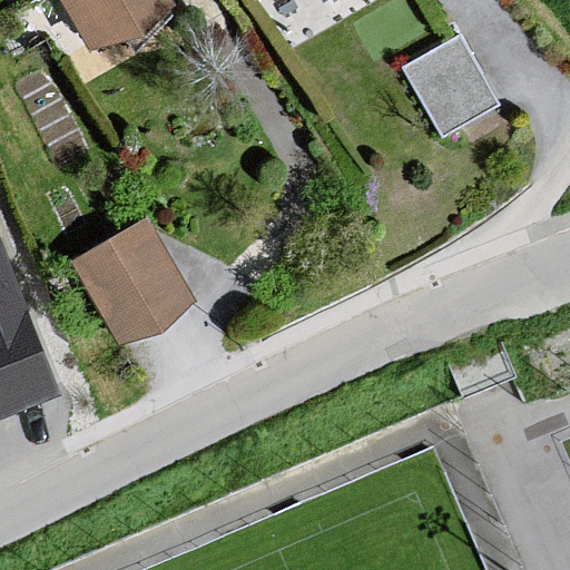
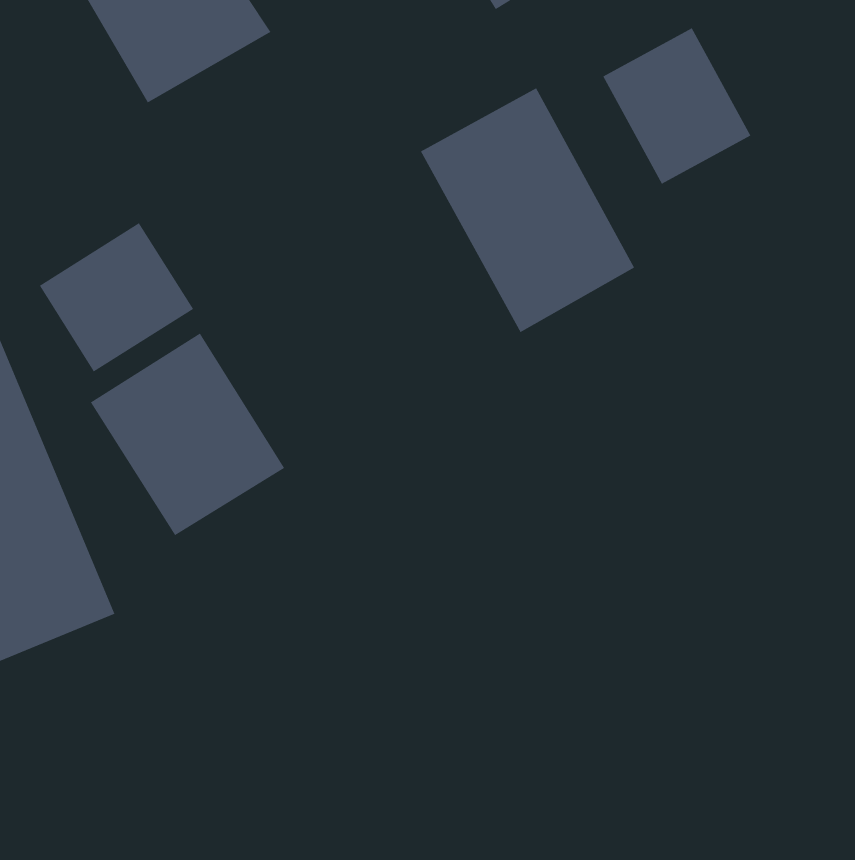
building: none -> [420,87,635,333]
building: none -> [39,222,194,372]

